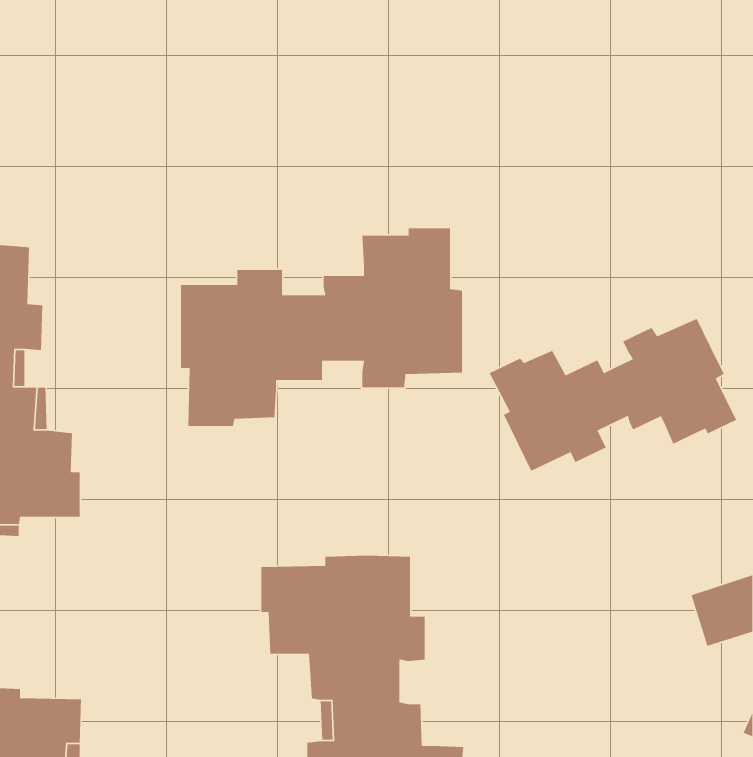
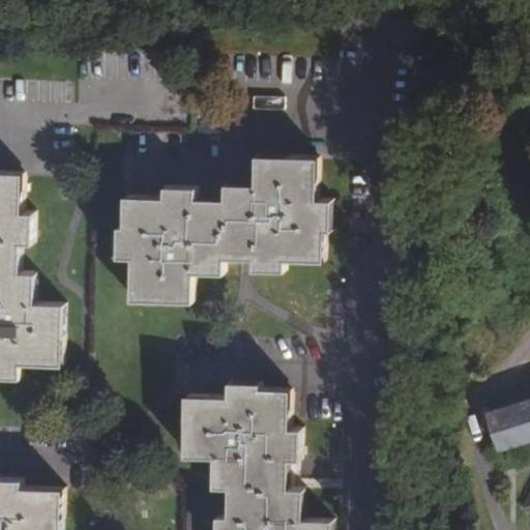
building: [489,318,737,472] -> none

